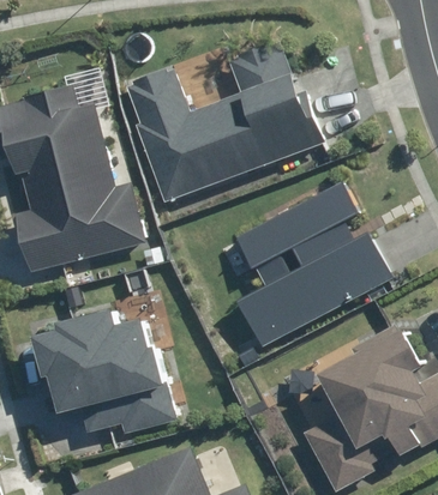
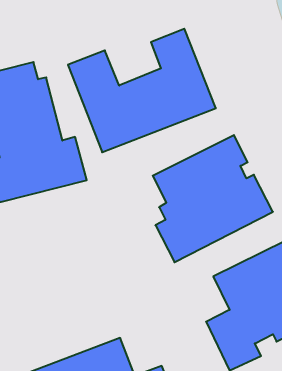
building: [36,307,173,442] -> none

